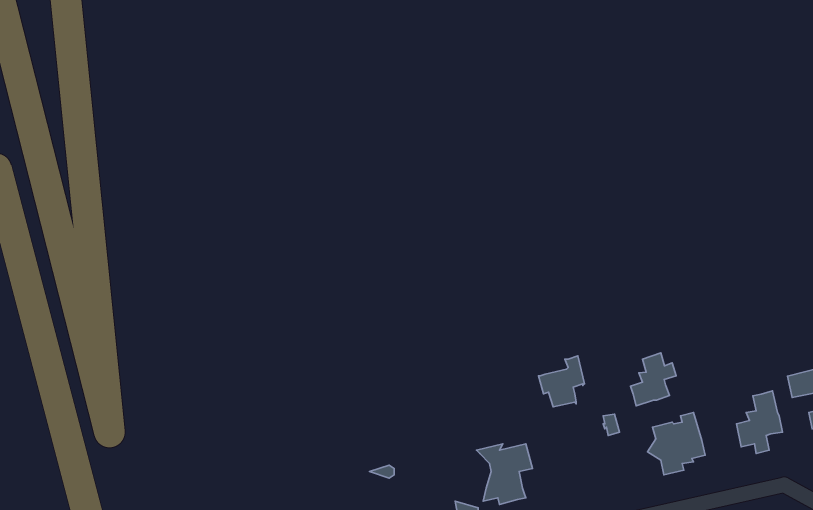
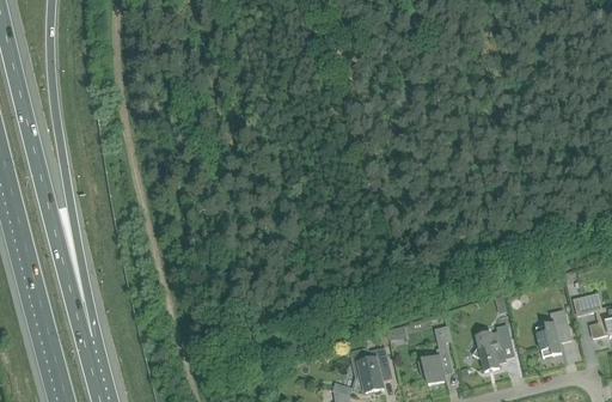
building: [630,353,676,406] -> none
building: [538,356,585,407] -> [417,347,451,384]

